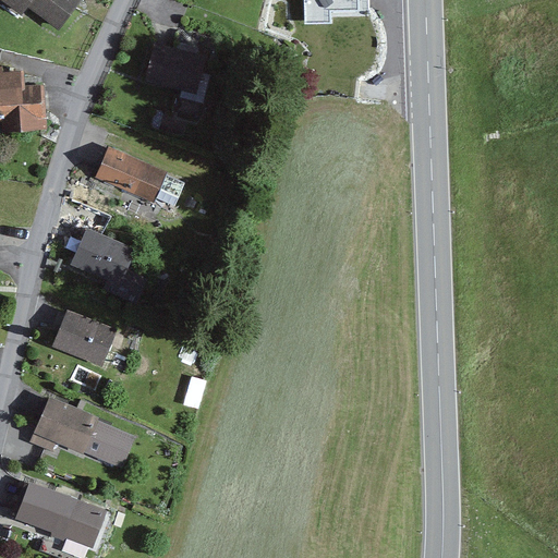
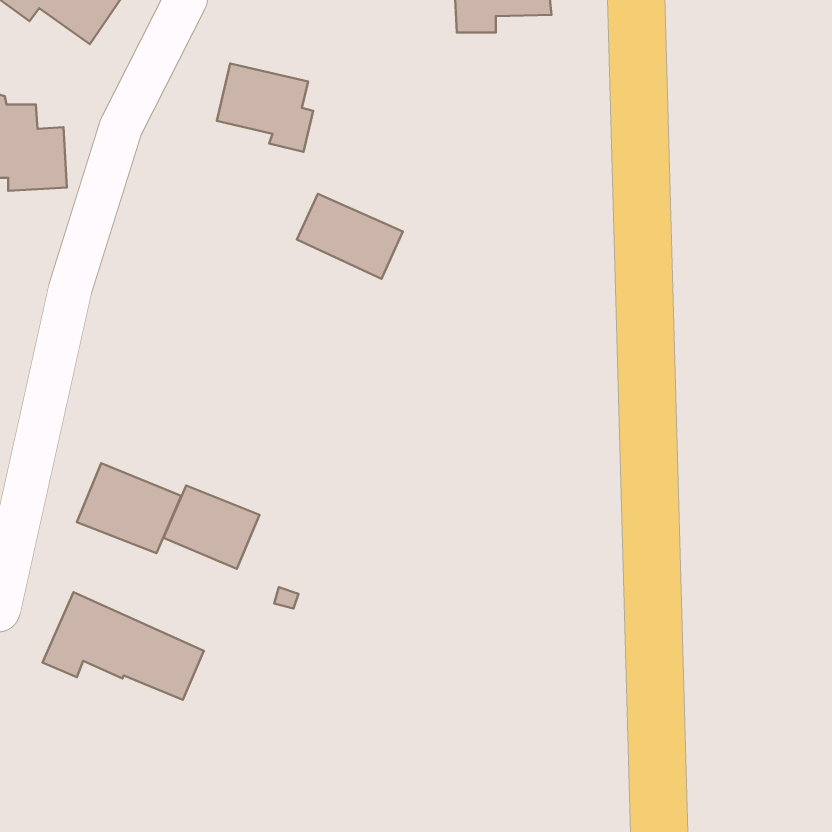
building: [95,146,166,203] -> [297,194,403,279]
building: [71,229,135,284] -> [163,486,260,569]
building: [15,481,106,547] -> none

